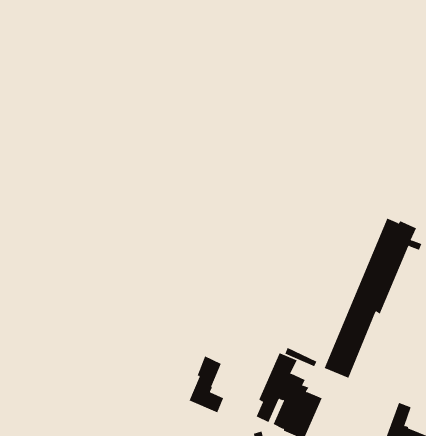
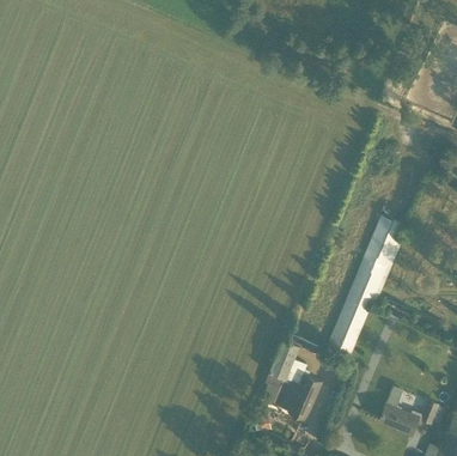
building: [189,355,224,413] -> none

